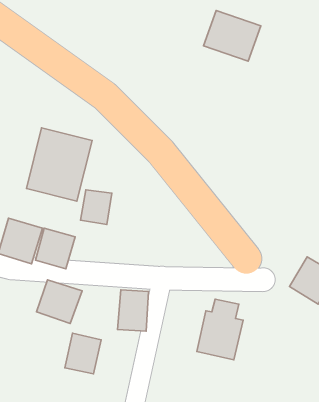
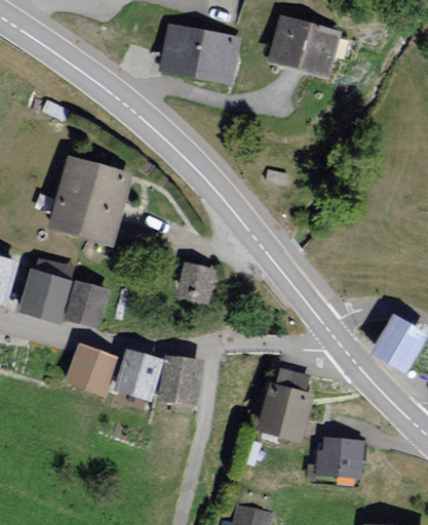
building: none -> [156,24,236,82]
building: [81,190,112,225] -> [178,261,216,304]
building: [65,333,101,374] -> [117,350,161,399]
building: none -> [318,436,360,474]

